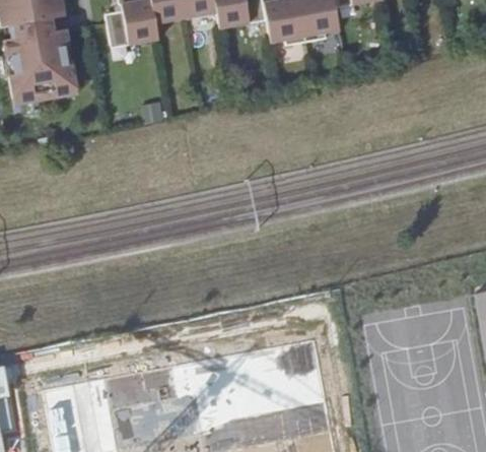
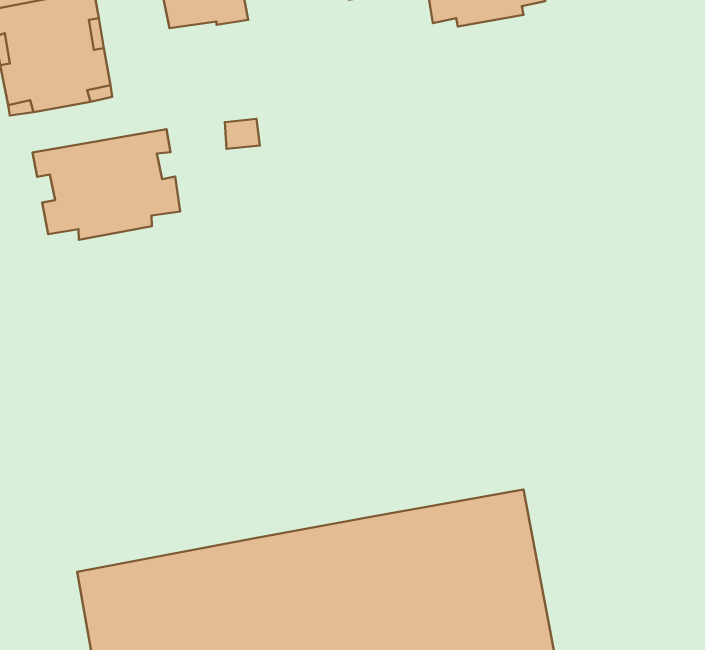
building: none -> [32,129,180,240]

